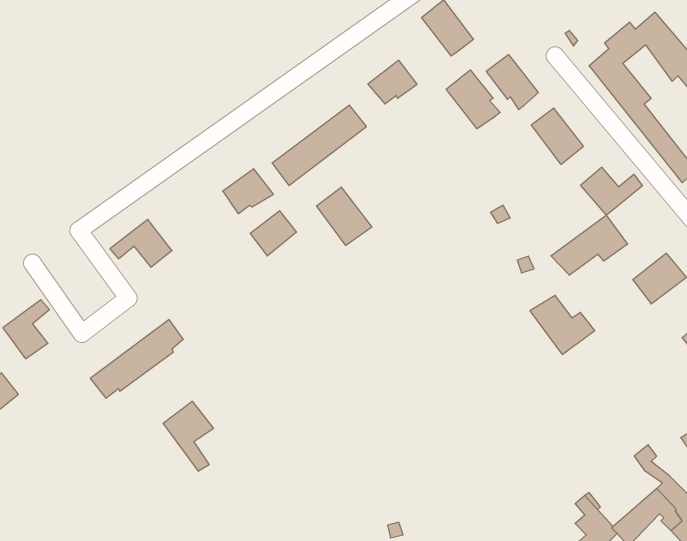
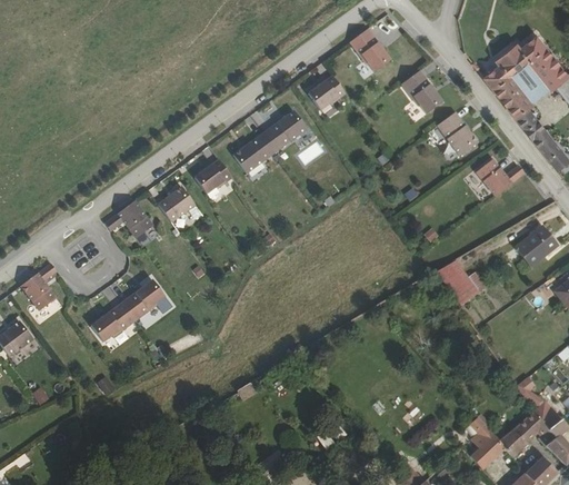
building: none -> [509,61,548,103]
building: [446,70,500,129] -> none
building: [317,187,372,246] -> none
building: [250,211,297,256] -> [158,186,194,221]
building: [551,215,628,275] -> none
building: [163,401,214,471] -> none

